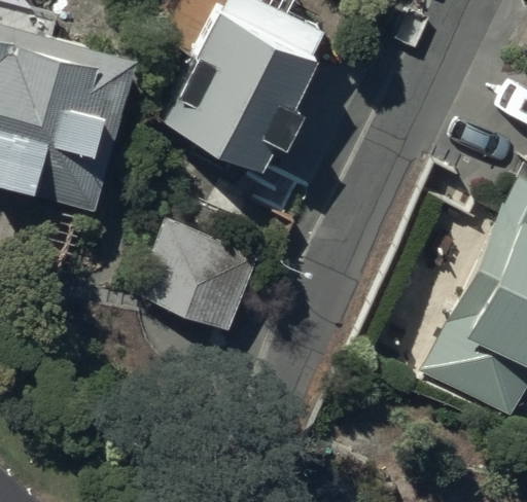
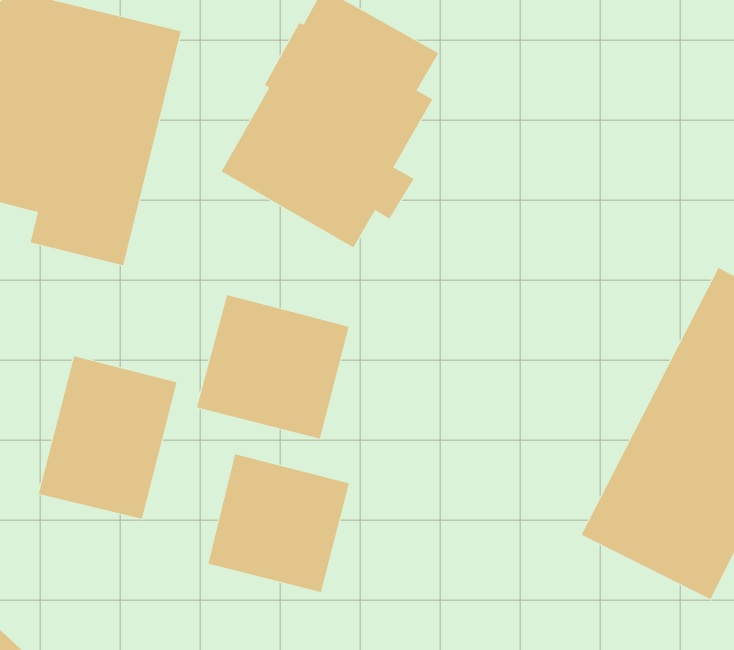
building: none -> [38,355,177,520]
building: none -> [208,453,349,593]

